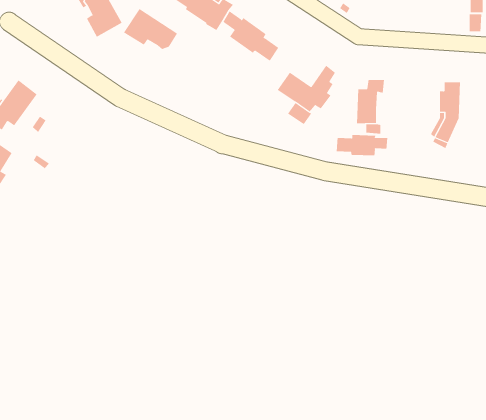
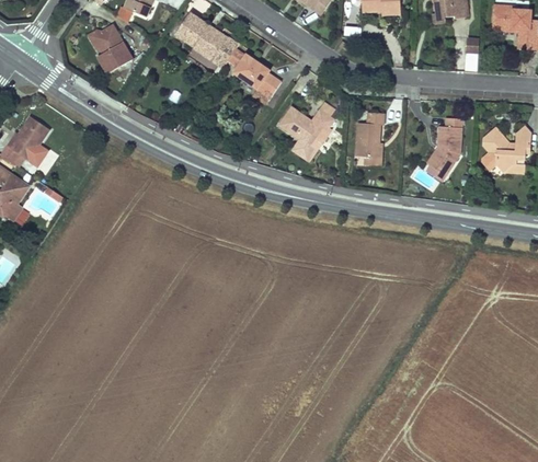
building: [123,8,178,50] -> none
building: [336,134,388,156] -> none

